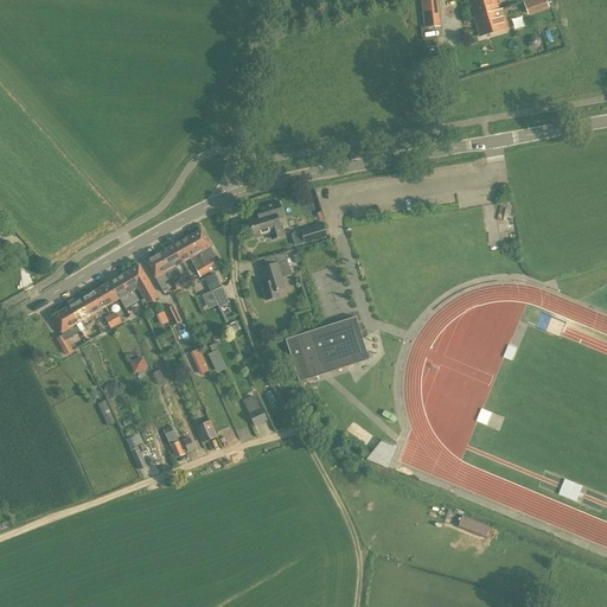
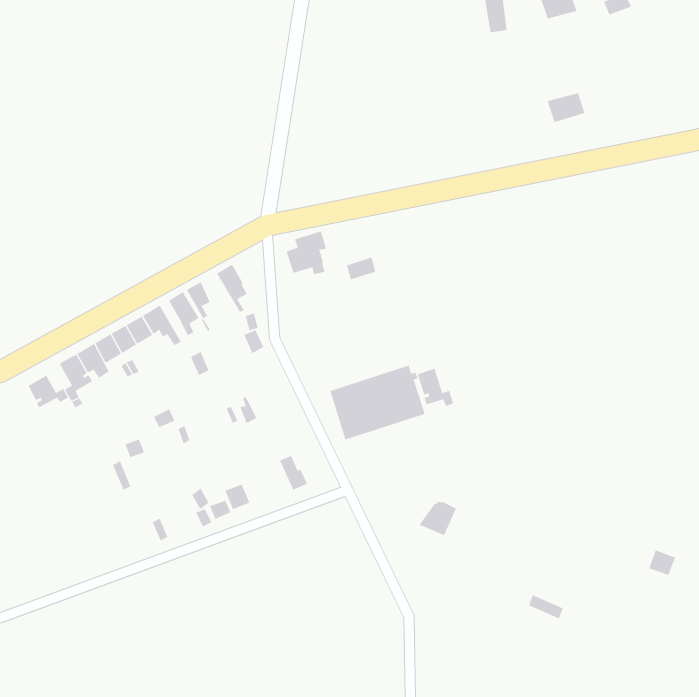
building: [474,8,507,36] -> [547,91,585,123]
building: [174,237,207,276] -> none
building: [261,251,292,299] -> none
building: none -> [417,368,454,407]
building: none -> [28,375,69,408]

